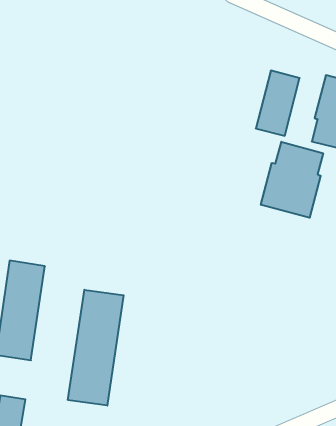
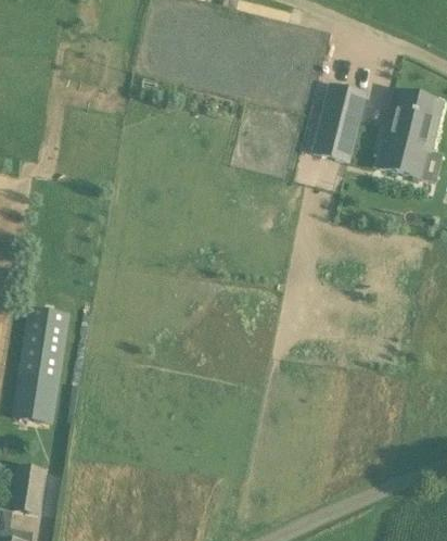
building: [261,142,323,218] -> none
building: [68,290,124,406] -> none

